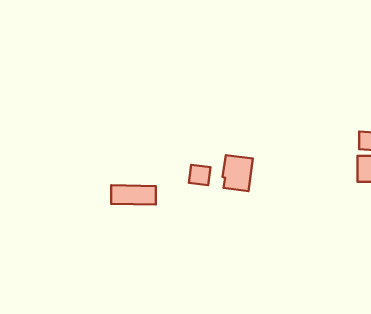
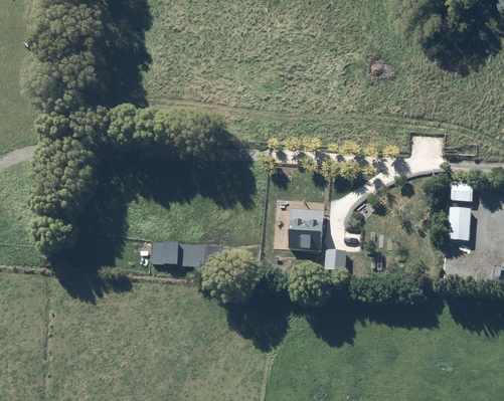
building: [189,165,211,185] -> none
building: none -> [325,248,346,270]

